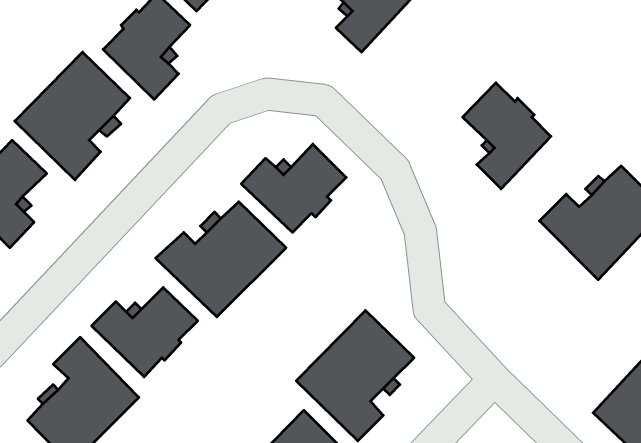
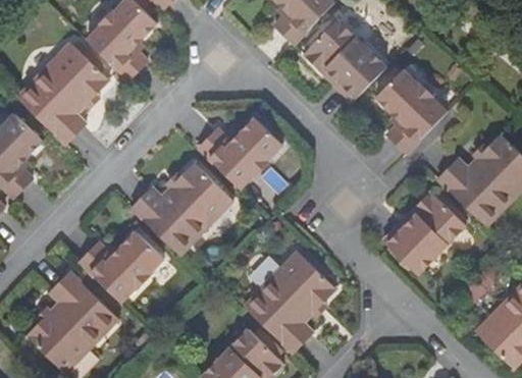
building: none -> [303,18,385,101]
building: none -> [381,191,464,273]

